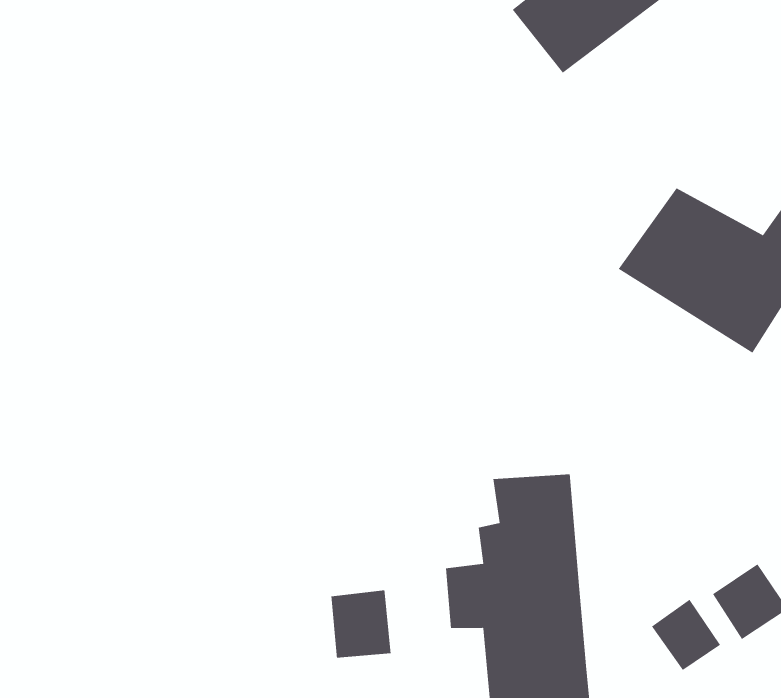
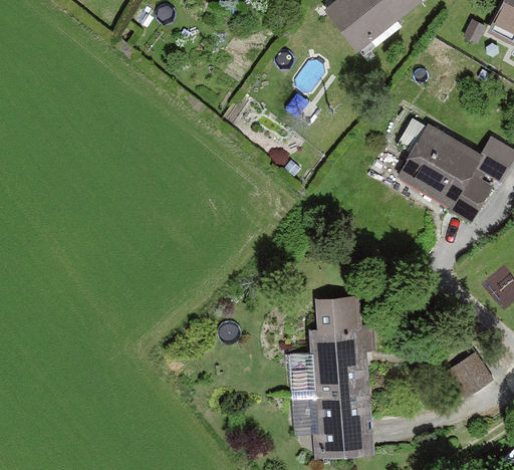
building: [331,589,391,659] -> none
building: [651,599,721,671] -> none

